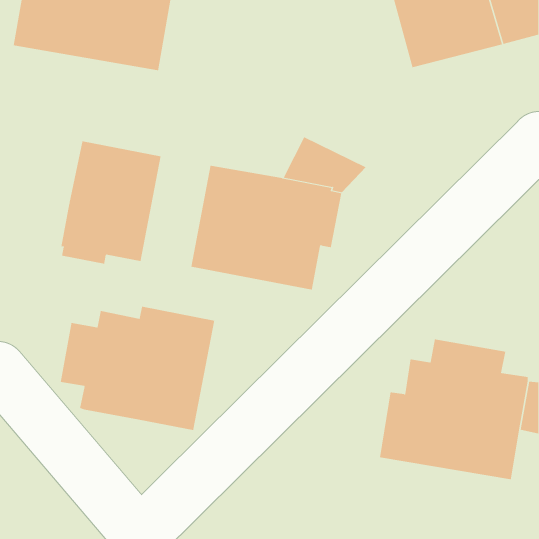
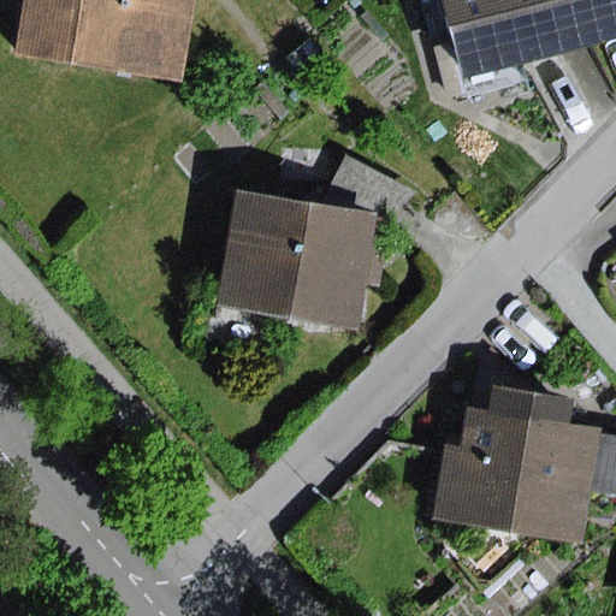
building: [61,141,161,264] -> none
building: [60,306,215,431] -> none

